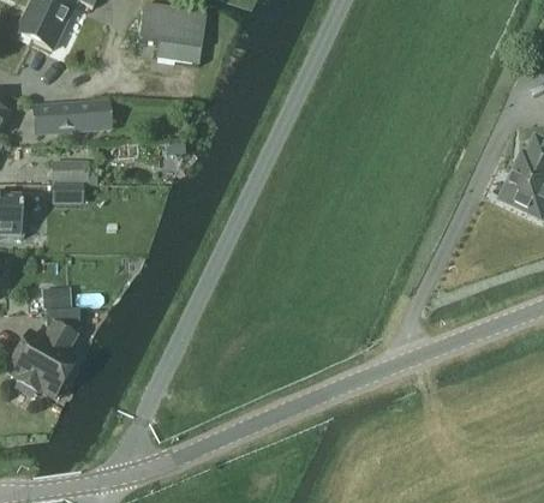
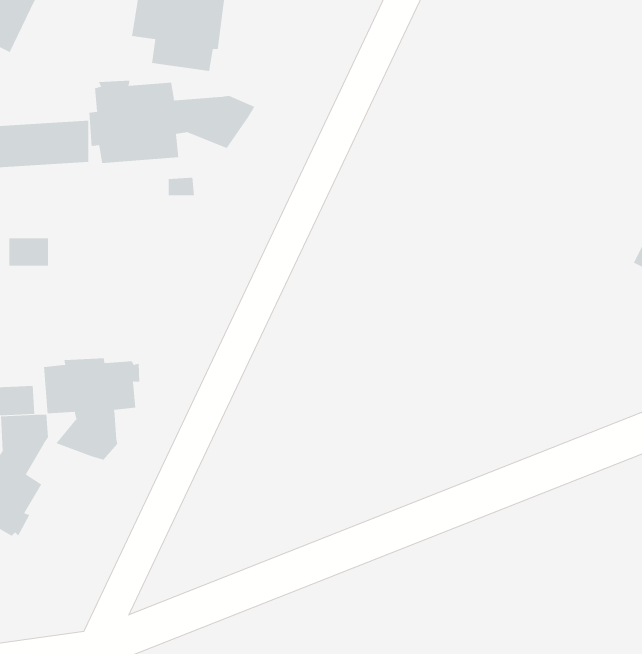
building: none -> [89,80,255,164]
building: [50,158,85,181] -> none
building: none -> [43,358,140,461]

